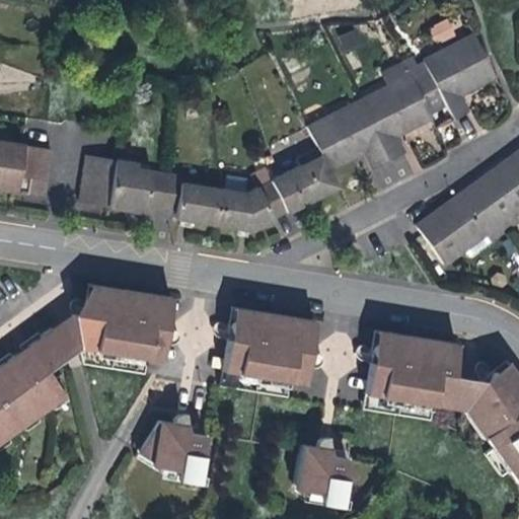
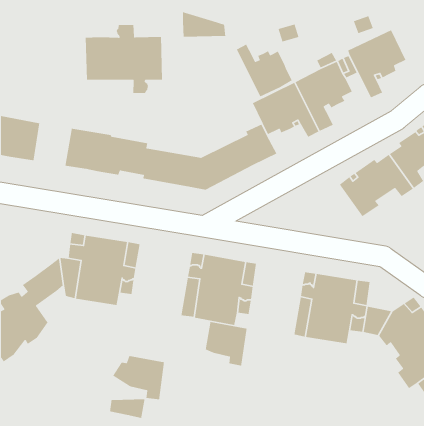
building: none -> [182,11,226,38]
building: none -> [85,24,163,94]
building: none -> [236,44,293,98]
building: [298,456,350,511] -> [205,321,248,366]
building: none -> [109,398,146,419]

